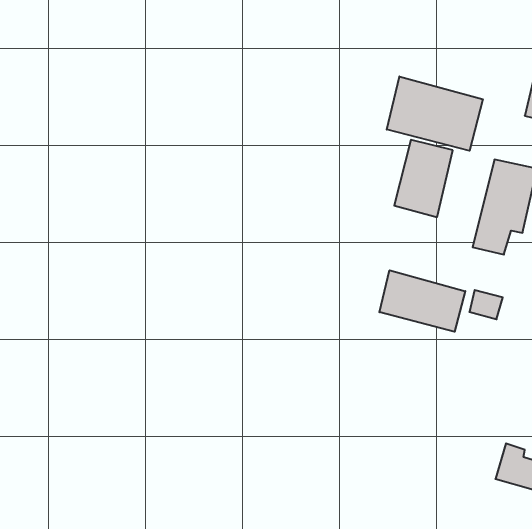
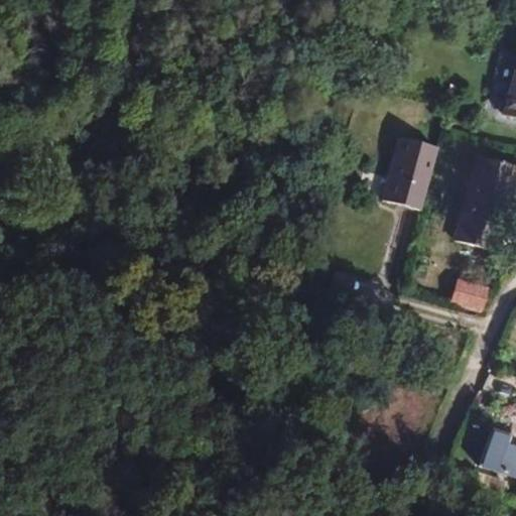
building: [387,76,483,151] -> none
building: [379,270,465,332] -> none

